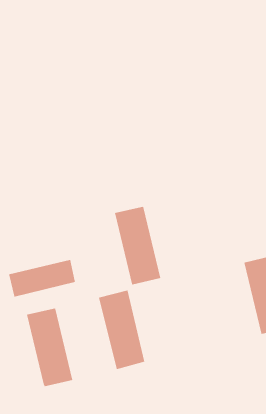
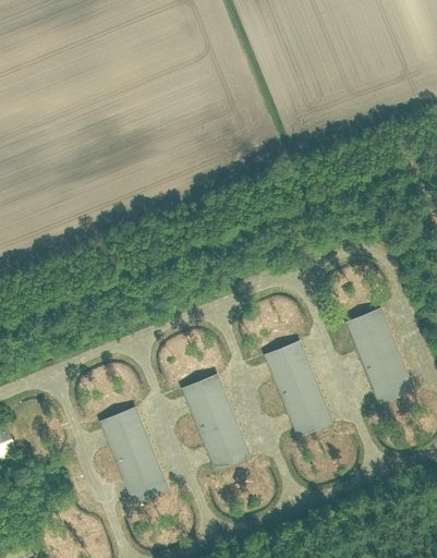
building: [114,206,161,285] -> [265,340,331,435]
building: [9,259,75,298] -> none

